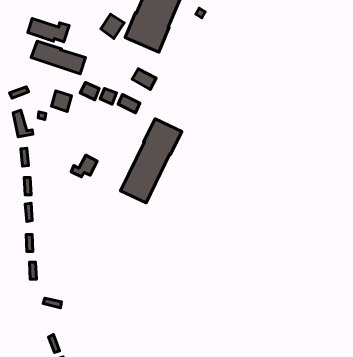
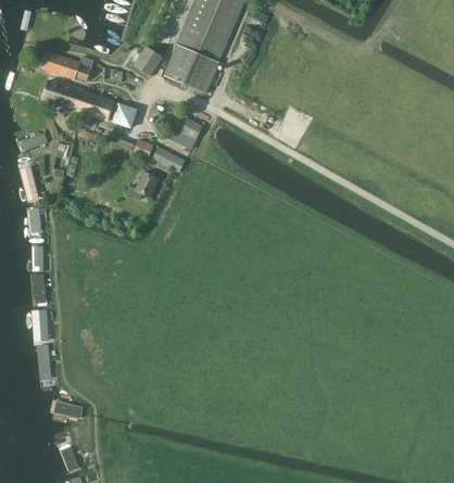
building: [52,91,71,112] -> [112,100,137,126]
building: [121,119,182,203] -> none
building: [71,155,97,177] -> [125,171,157,199]

